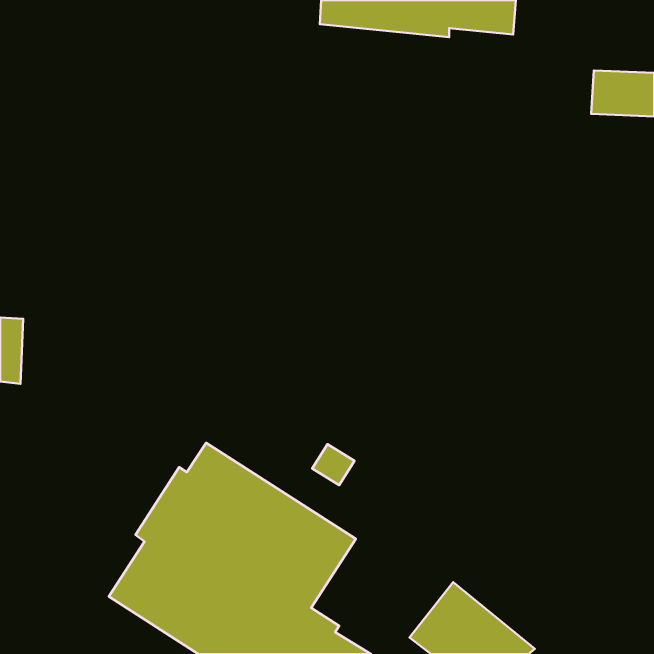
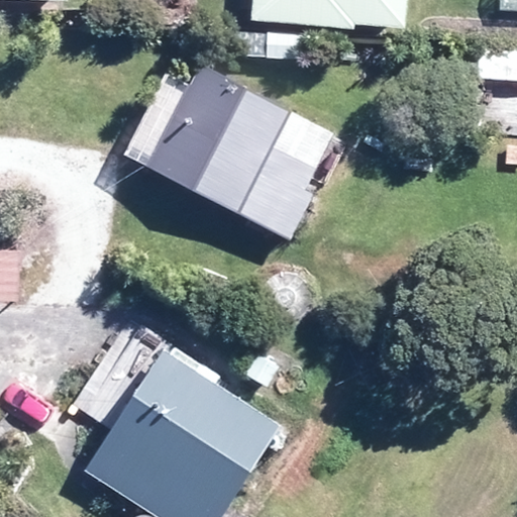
building: none -> [148,66,315,239]

